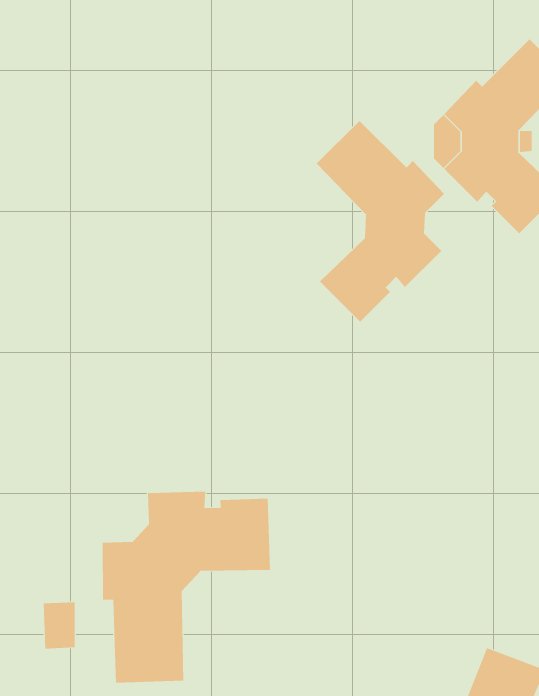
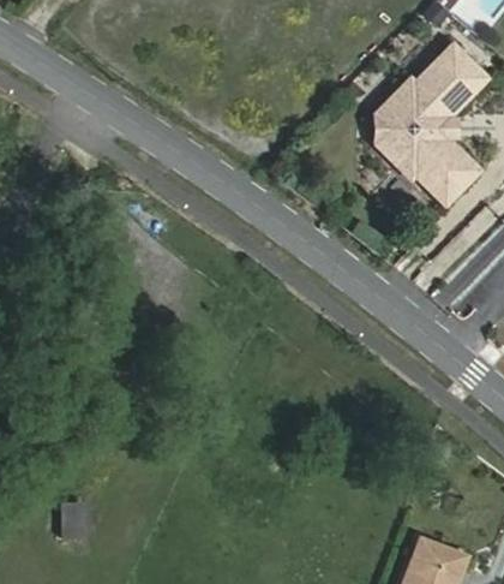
building: [316,120,445,322] -> none
building: [102,491,270,683] -> none

